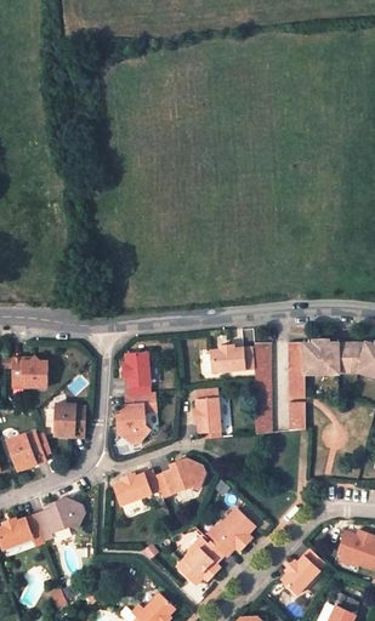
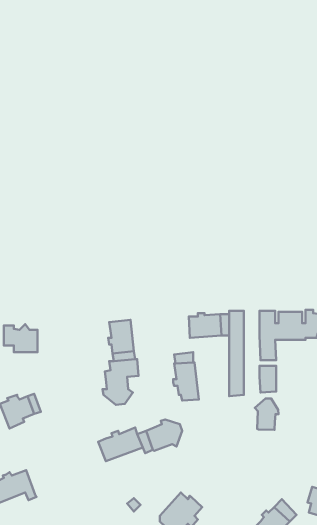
building: [53,404,85,435] -> none
building: none -> [255,398,278,430]
building: [33,497,84,541] -> none
building: [209,511,255,557] -> none

